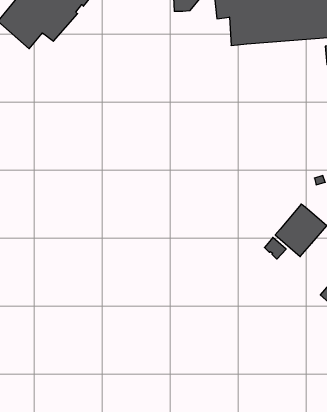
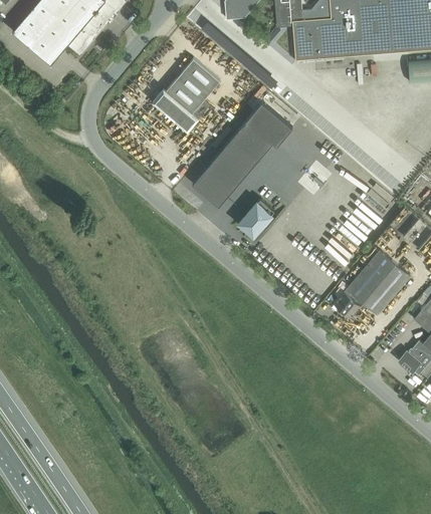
building: none -> [153,57,220,130]
building: none -> [193,101,292,205]
building: none -> [240,198,274,234]

